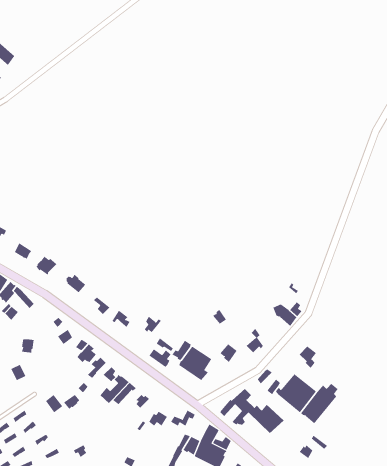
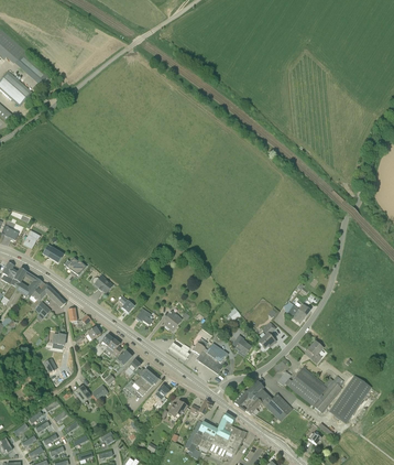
building: none -> [329,375,372,424]

